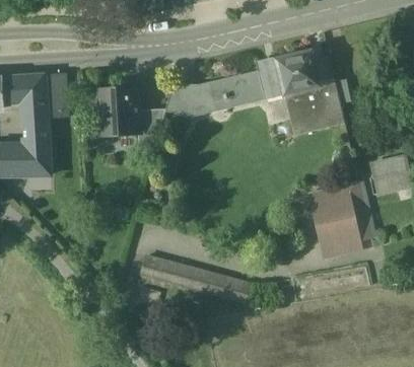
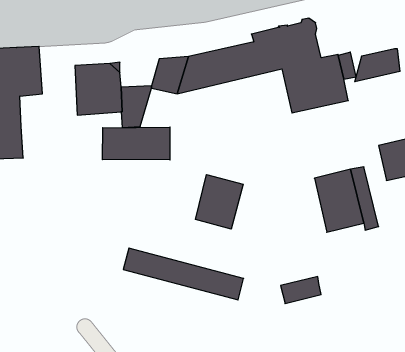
building: none -> [355,49,400,82]
building: none -> [102,127,170,160]
building: none -> [196,175,243,229]
building: [325,232,361,256] -> [281,277,321,304]

